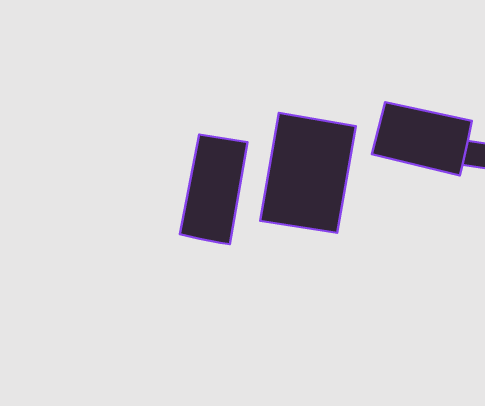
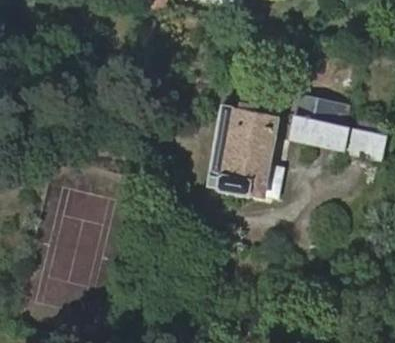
building: [180,134,248,244] -> none

